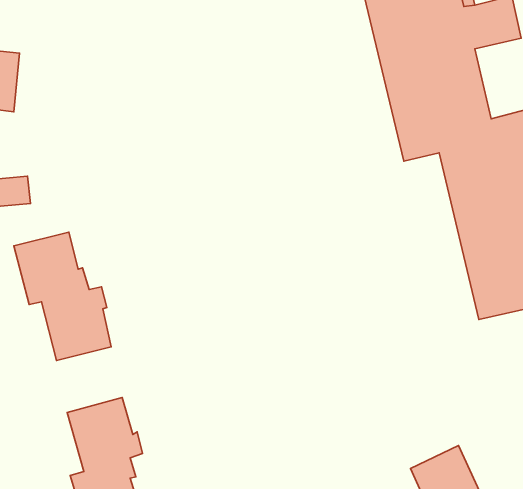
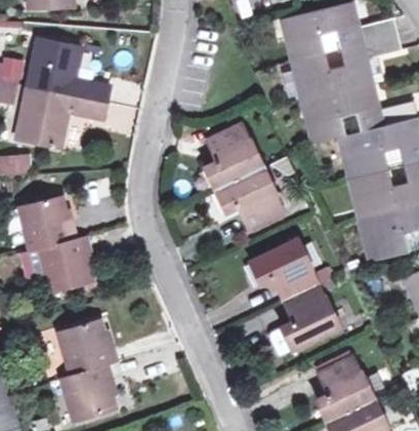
building: none -> [15,38,109,148]
building: none -> [205,123,283,228]
building: none -> [250,239,338,355]

